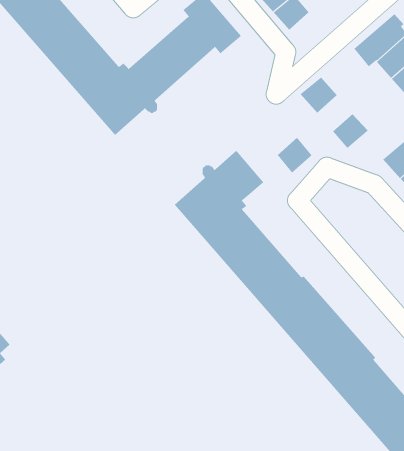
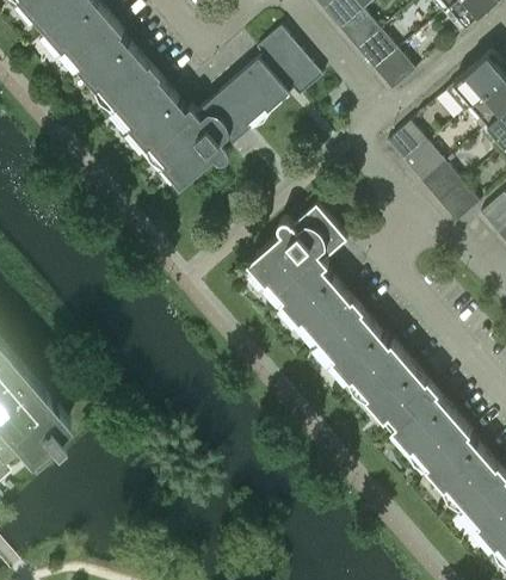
building: none -> [375,51,415,91]
building: none -> [439,183,479,222]
building: [277,137,312,174] -> [406,143,445,184]

